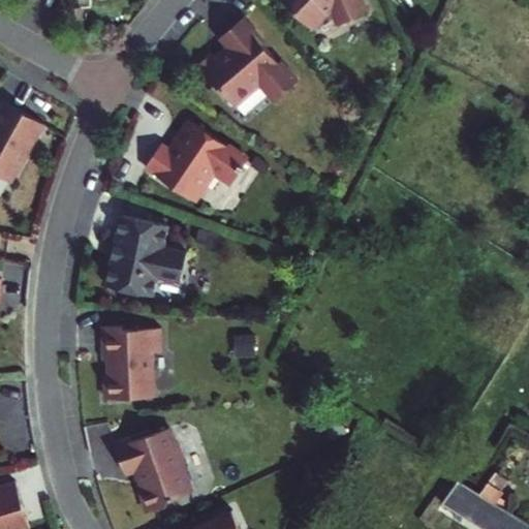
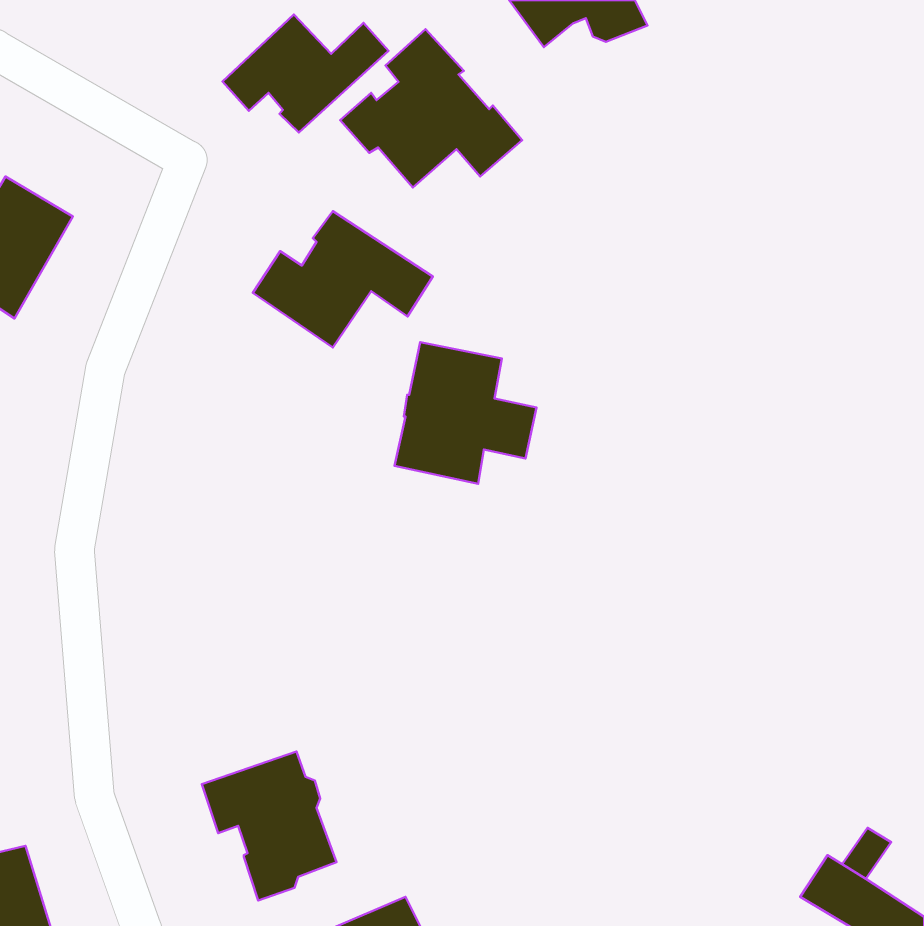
building: none -> [222,14,388,132]
building: [105,216,186,297] -> [395,342,536,484]
building: [102,326,161,400] -> none

